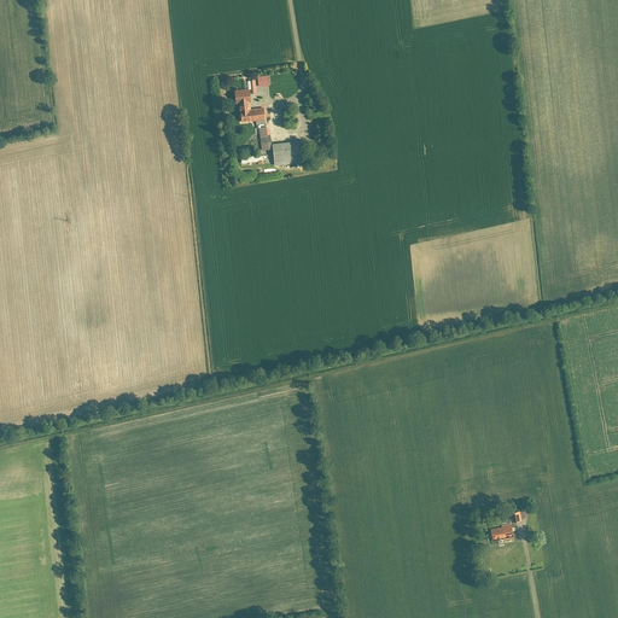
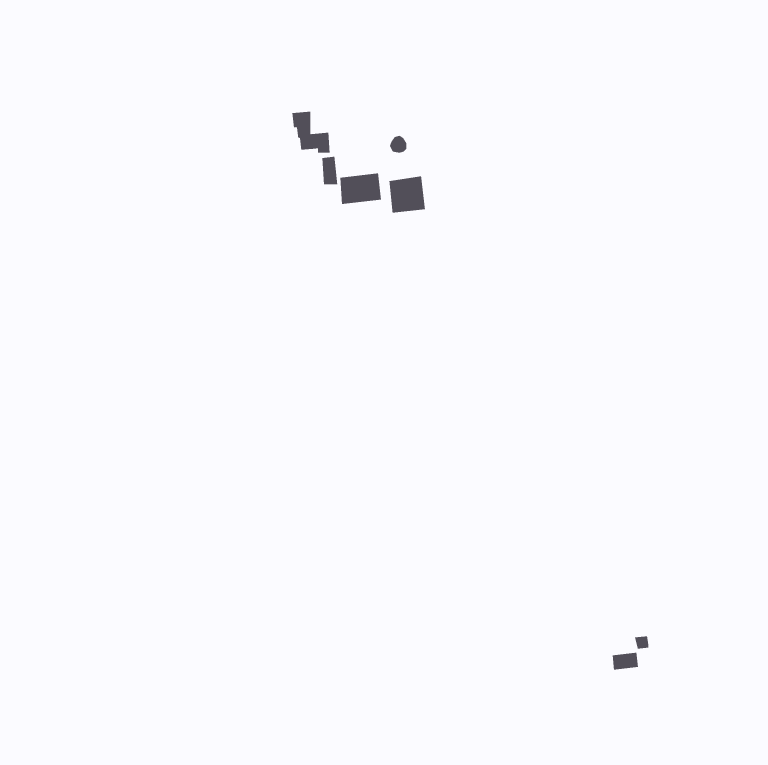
building: none -> [389,175,425,214]

